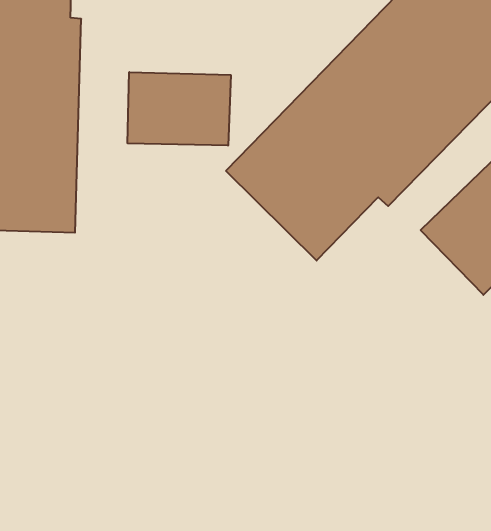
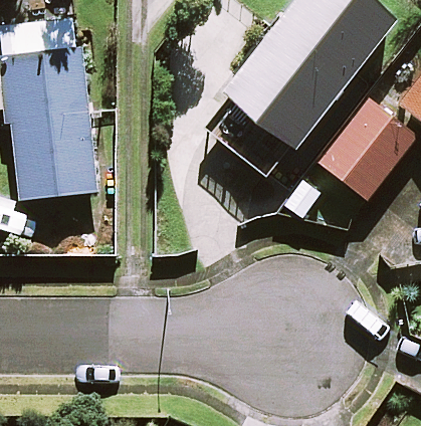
building: [128,72,231,146] -> none

